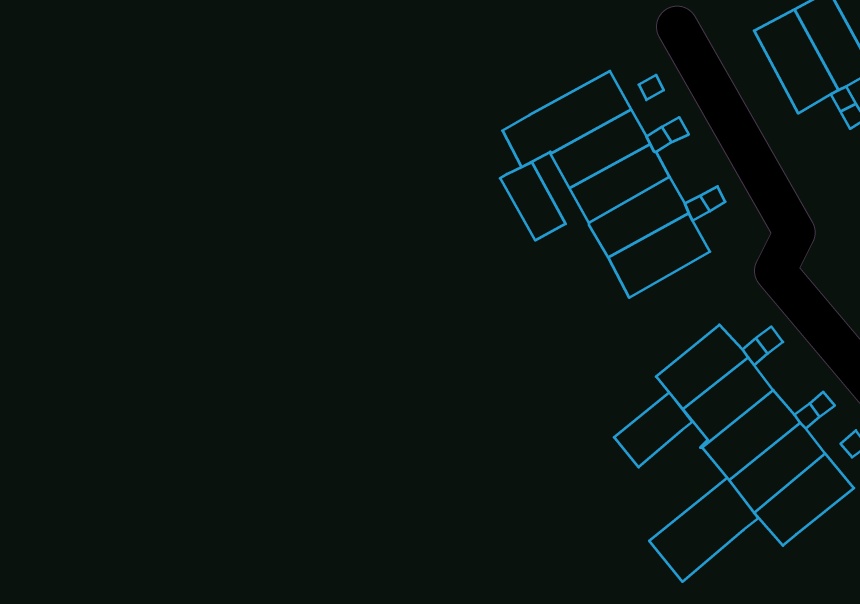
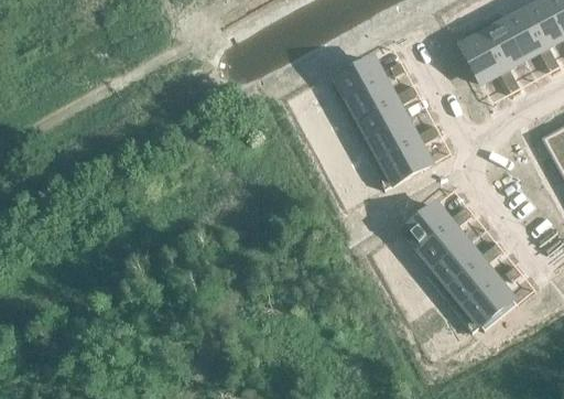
building: [500,162,566,240] -> none
building: [614,392,692,467] -> none
building: [649,478,758,582] -> none

